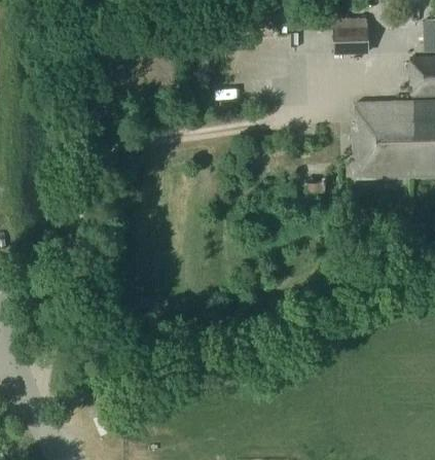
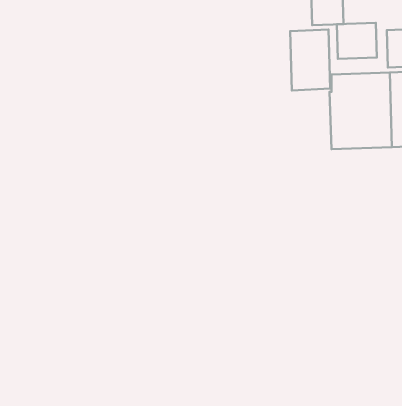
building: none -> [337,23,377,59]
building: none -> [290,29,330,90]

